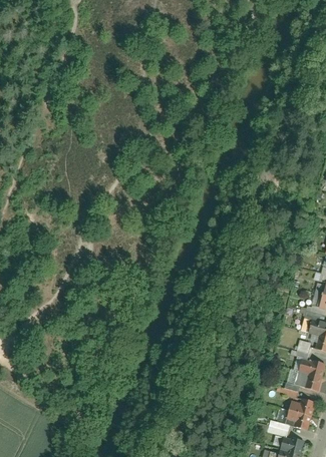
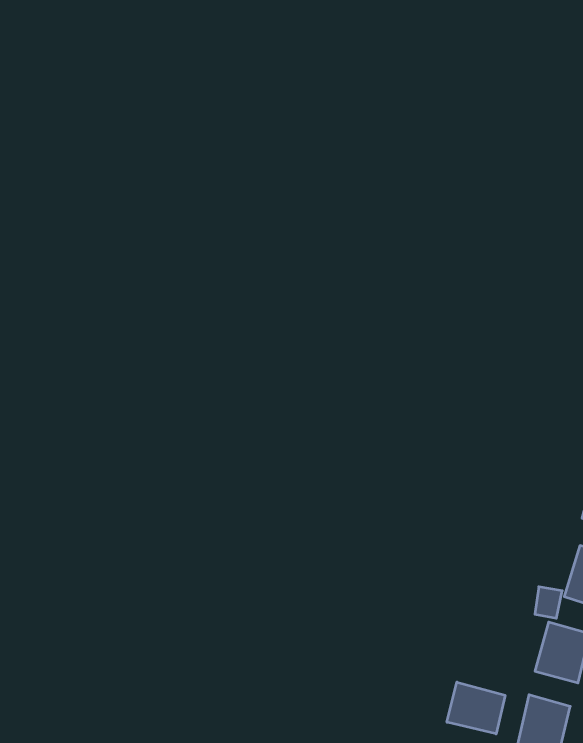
building: none -> [447,682,505,734]

